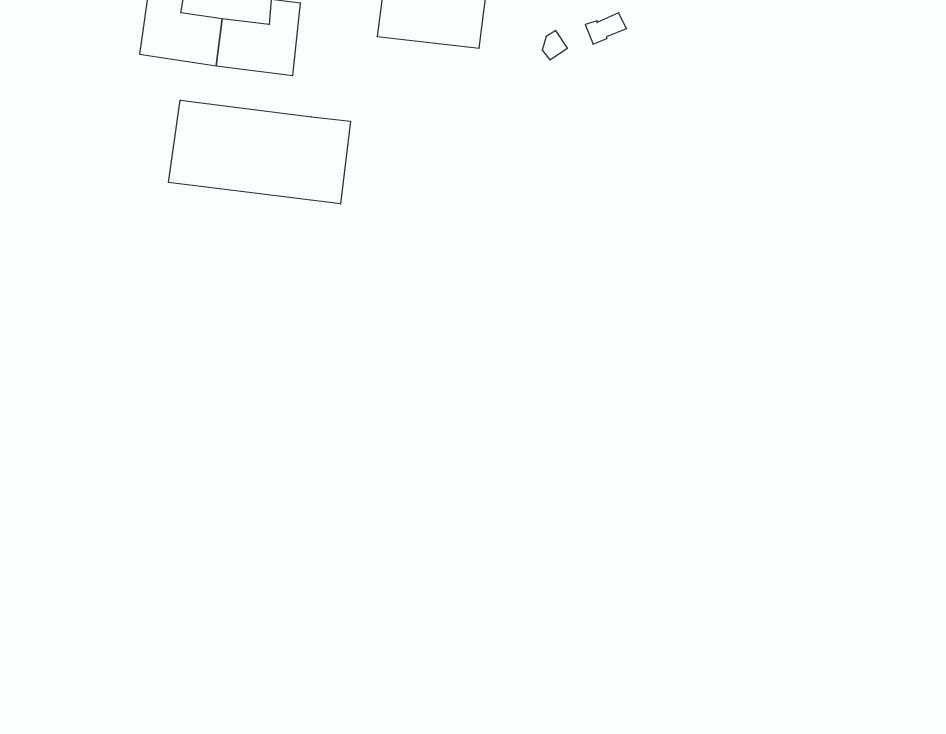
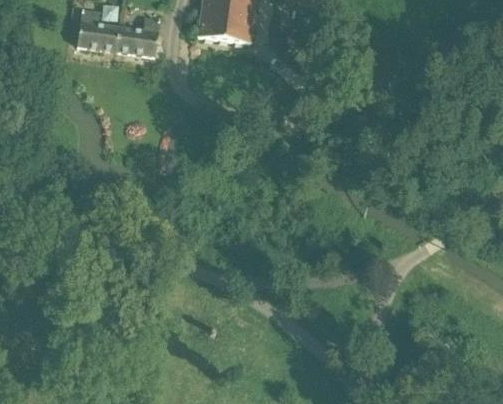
building: [169,100,350,204] -> none

